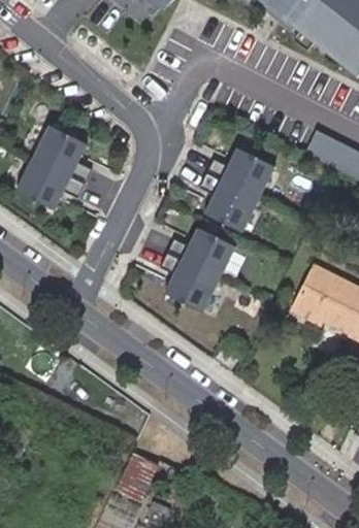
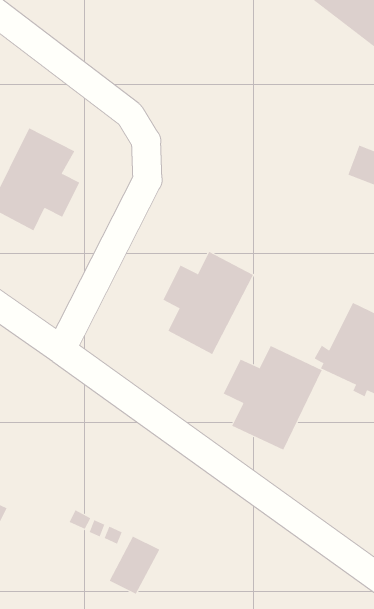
building: [197,144,272,230] -> none
building: none -> [223,345,323,451]

